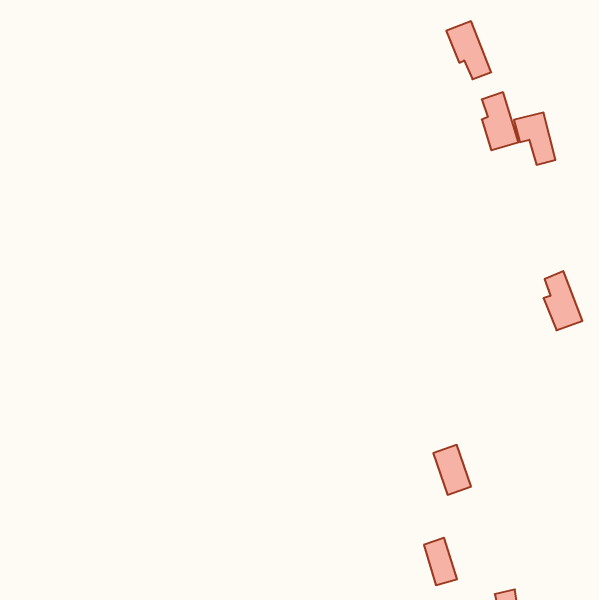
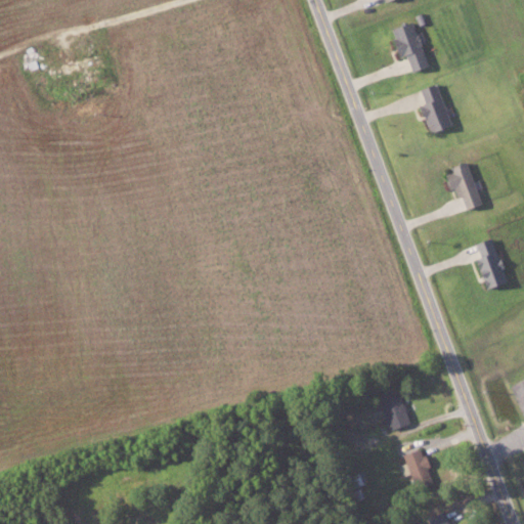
building: [514,113,555,165] -> [445,166,481,211]
building: [424,538,457,585] -> [406,449,435,490]

